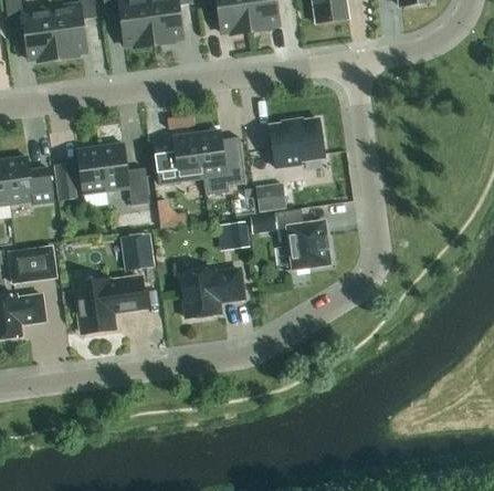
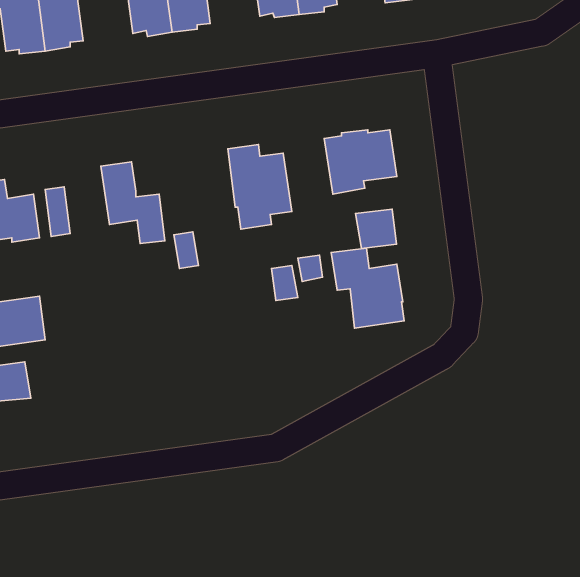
building: [153,133,201,182] -> none
building: [75,146,106,194] -> none
building: [254,182,285,212] -> [356,209,396,249]
building: [122,233,153,270] -> none
building: [179,268,242,317] -> none
building: [74,276,144,332] -> none

